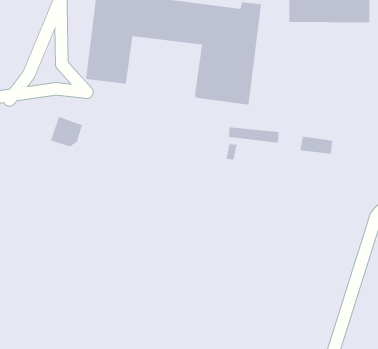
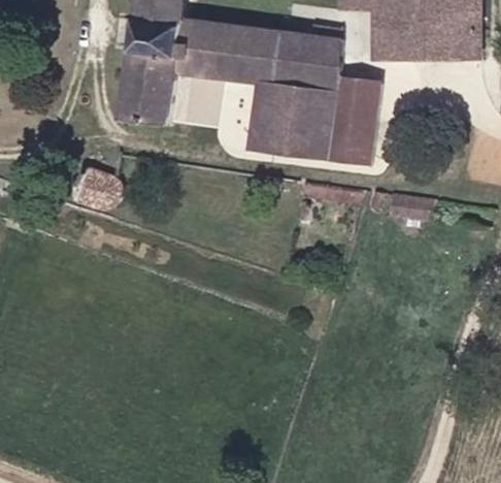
building: none -> [172,69,264,138]
building: none -> [323,78,374,159]

